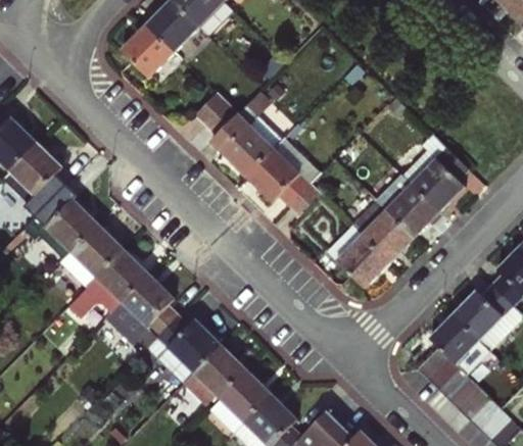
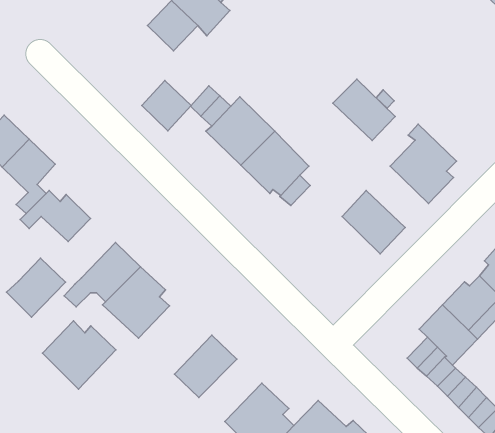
building: [130,30,180,81] -> [142,81,191,131]
building: [376,172,439,235] -> [333,79,395,140]
building: [327,224,390,286] -> none
building: [60,226,121,286] -> [6,258,66,317]
building: [144,314,219,384] -> [43,321,116,389]
building: [205,368,270,432] -> none

